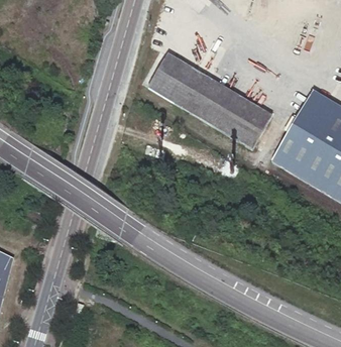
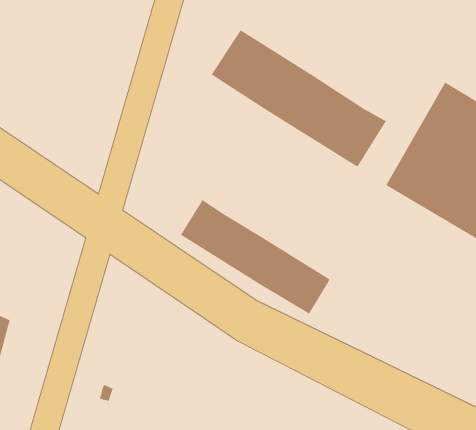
building: none -> [180,199,330,315]

